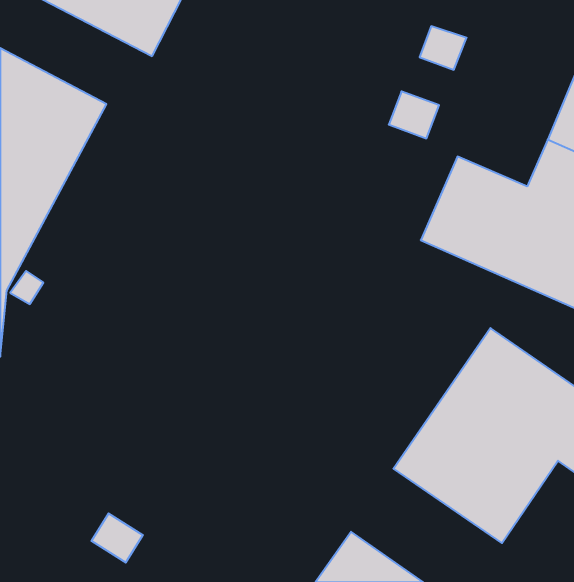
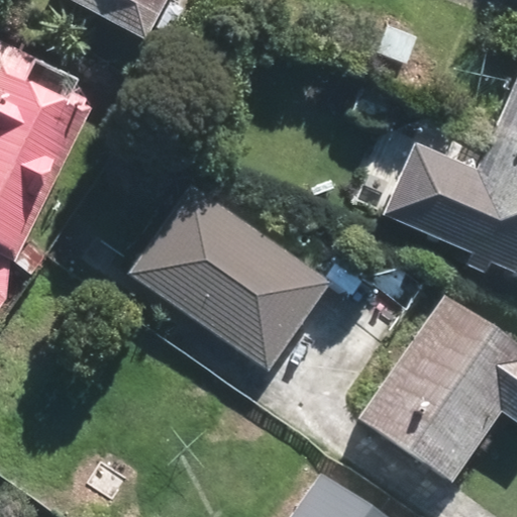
building: none -> [130,197,325,374]

